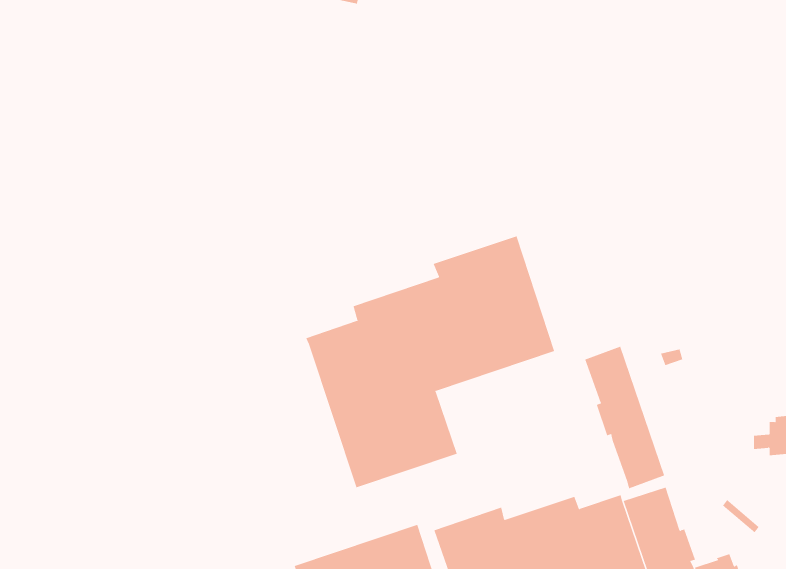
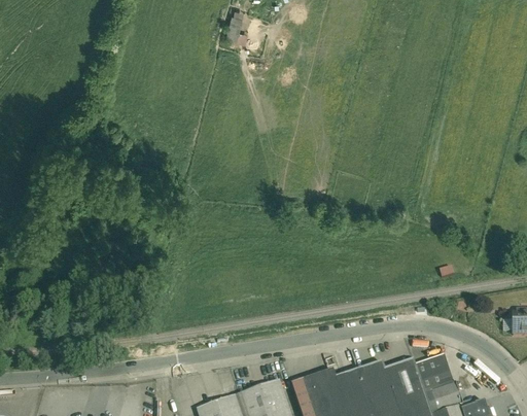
building: [305,235,555,488] -> none
building: [584,346,665,489] -> none

